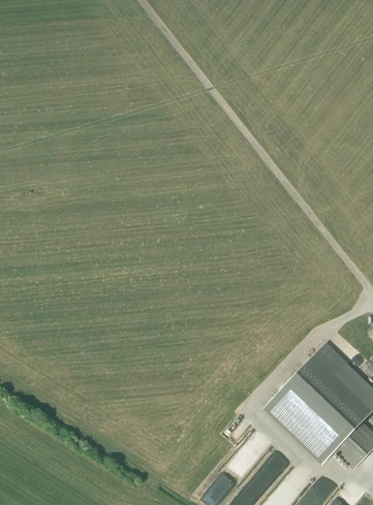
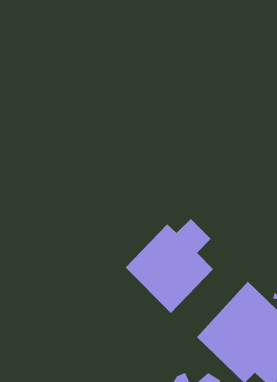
building: none -> [125,218,214,314]

